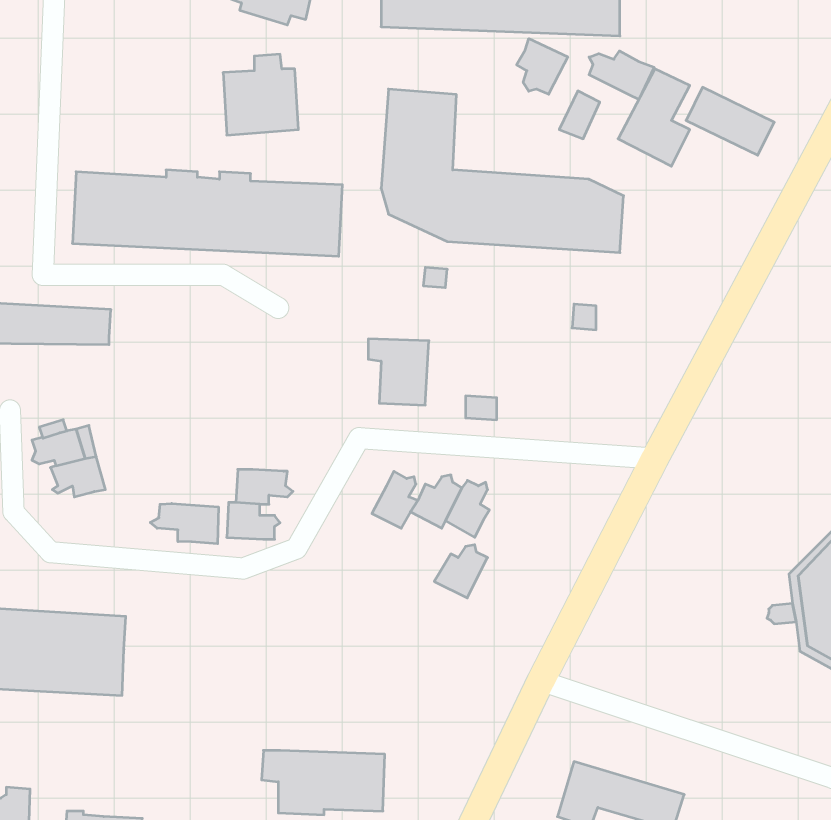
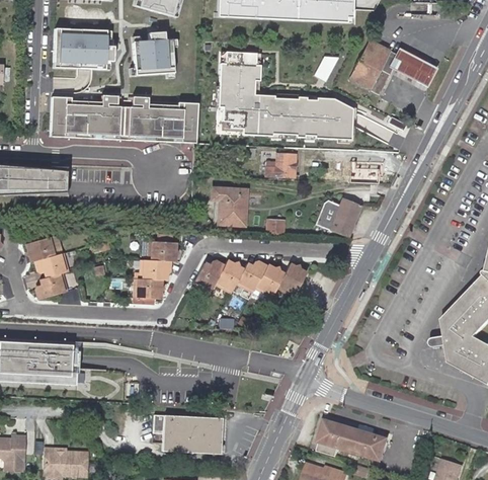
building: [517,39,568,94] -> none
building: none -> [53,28,112,69]
building: [589,51,654,100] -> none
building: none -> [264,153,296,177]
building: none -> [315,198,359,237]
building: none -> [148,242,178,261]
building: none -> [193,261,222,292]
building: none -> [35,272,66,298]
building: [150,503,218,544] -> none
building: [434,545,488,598] -> [275,267,305,297]

